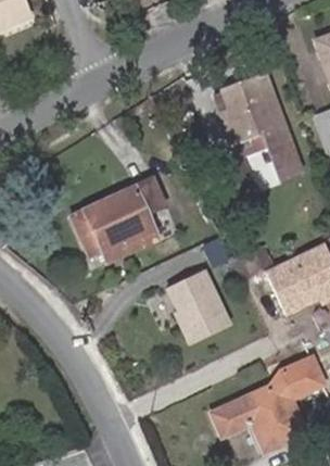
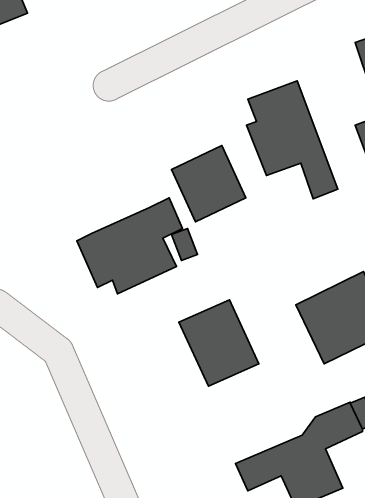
building: none -> [171,145,246,222]

